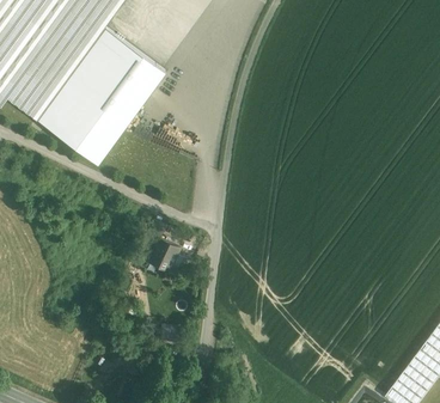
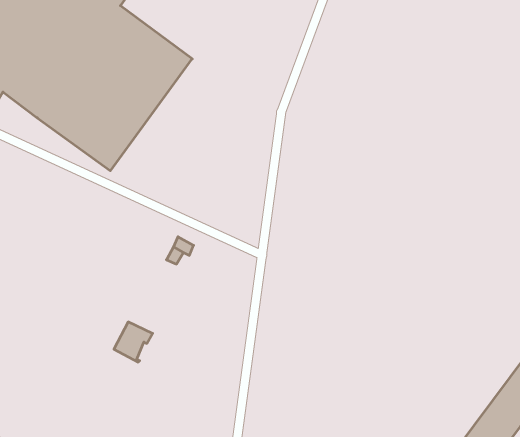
building: [148,238,181,271] -> [114,322,153,362]

